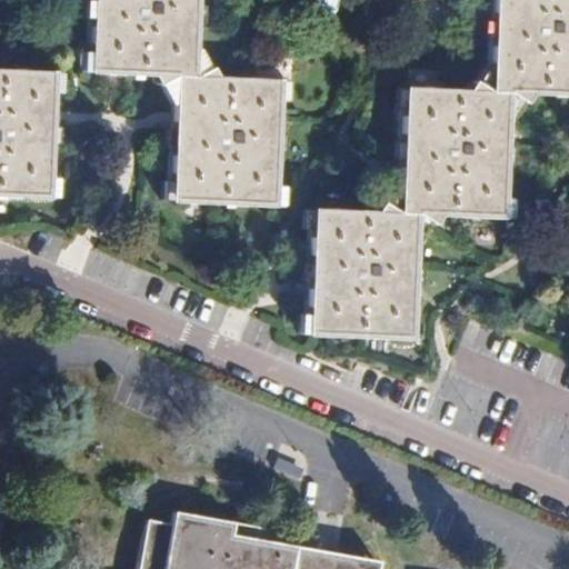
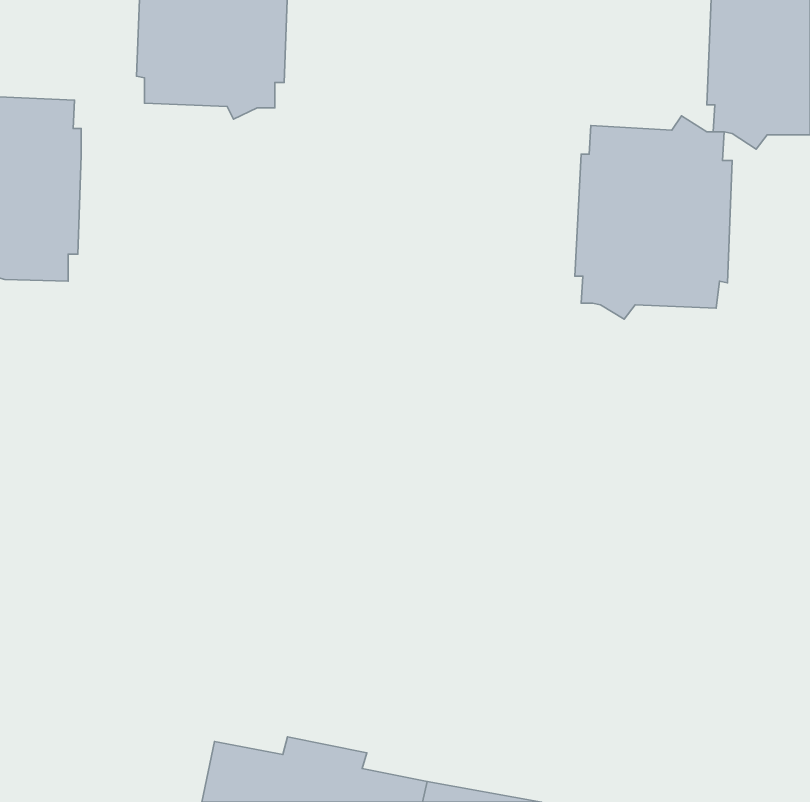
building: [176,67,283,206] -> none
building: [311,202,419,339] -> none

